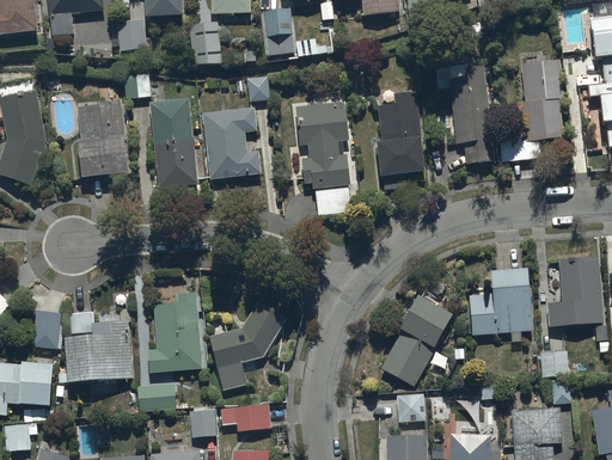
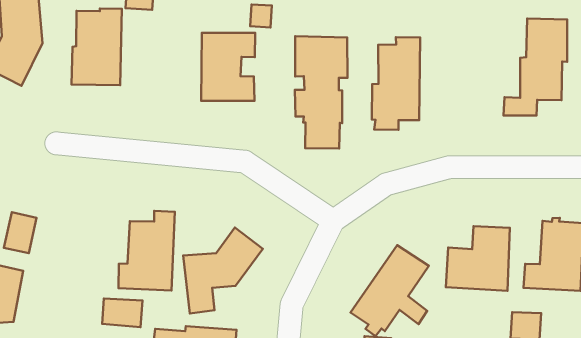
building: [448,67,497,165] -> none
building: [147,97,198,189] -> none
building: [59,309,133,380] -> none

